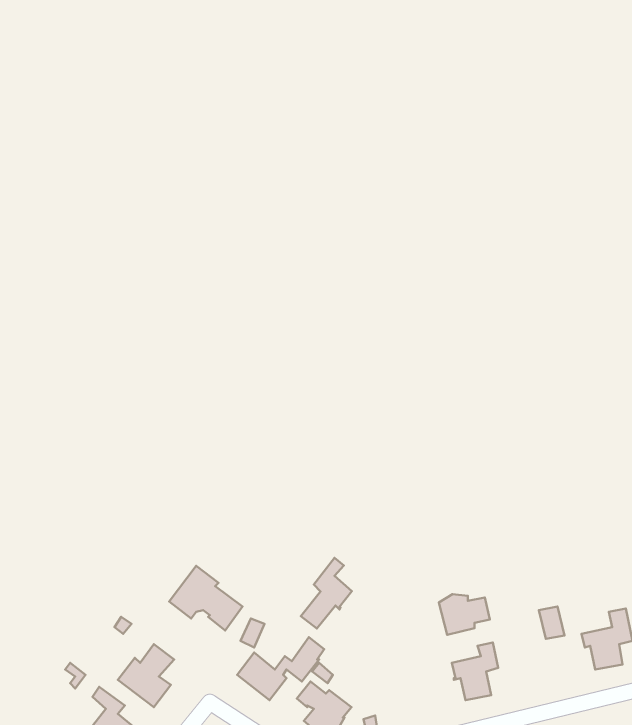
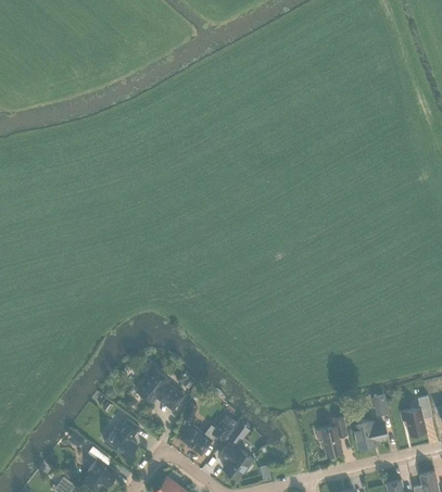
building: [301,558,352,629] -> none
building: [439,594,490,635] -> [354,421,387,447]

